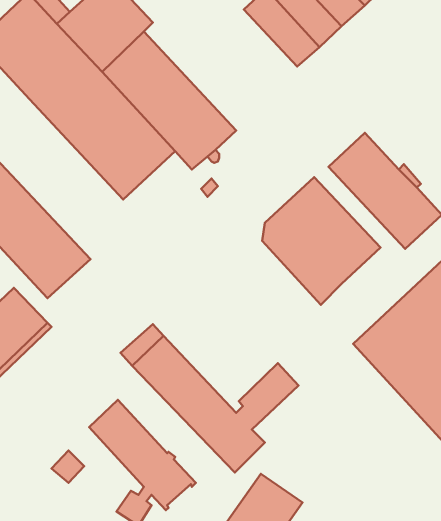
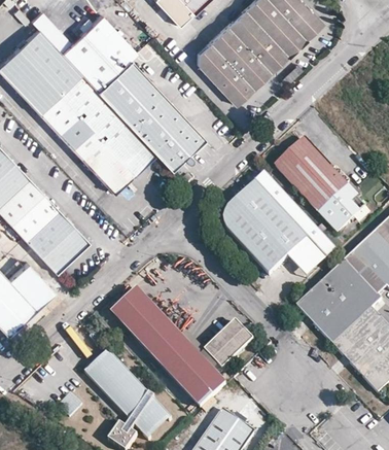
building: none -> [197,41,251,103]
building: none -> [286,230,338,280]

